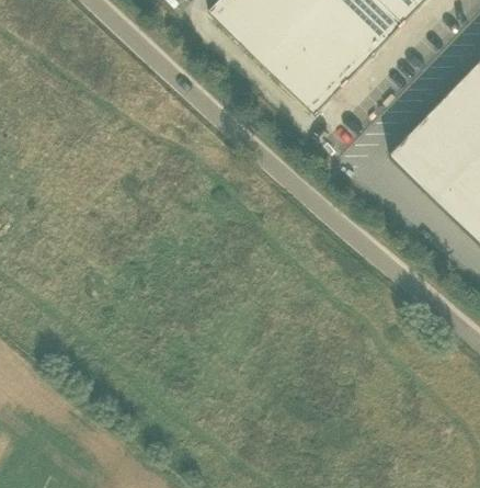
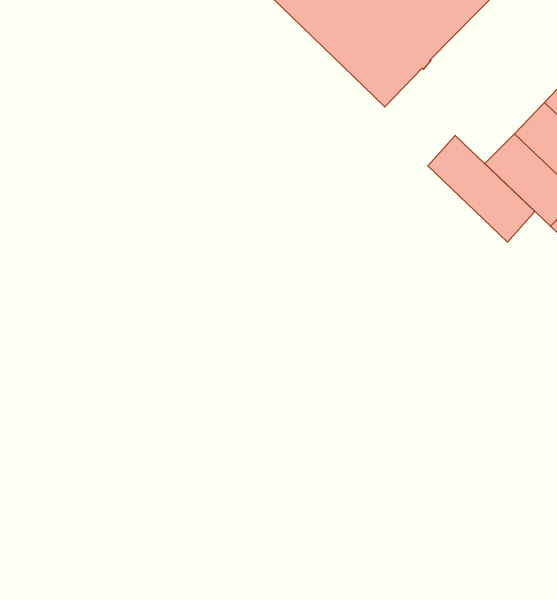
building: none -> [428,135,535,242]

